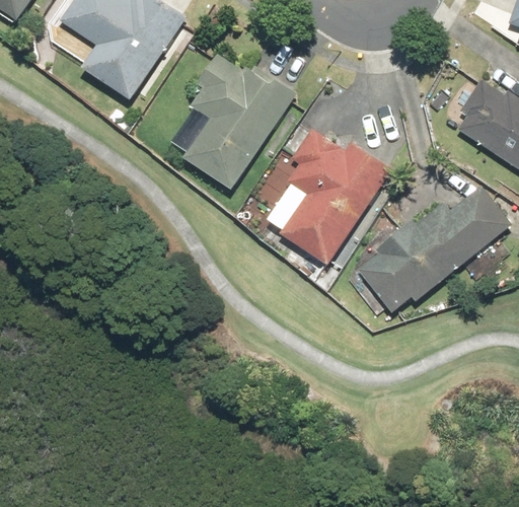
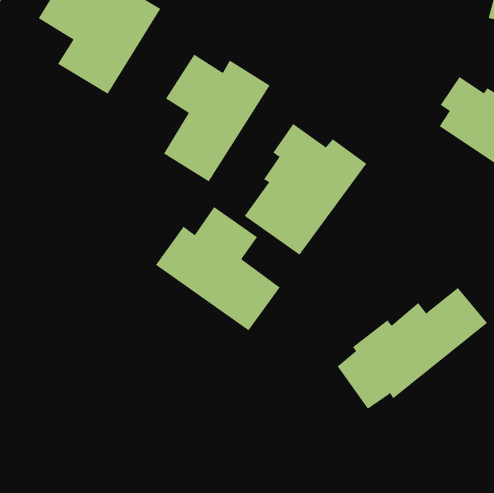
building: [361,189,511,310] -> [337,287,488,409]
building: none -> [155,206,280,331]

